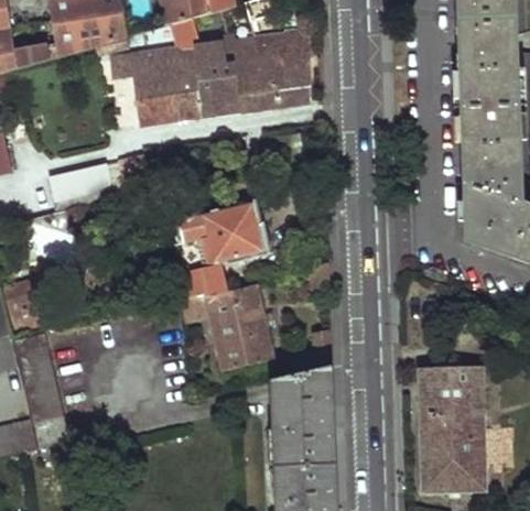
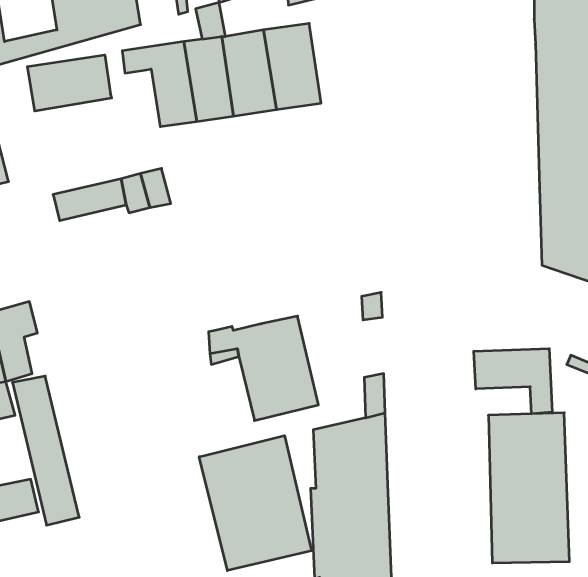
building: [268,31,314,104] -> none
building: none -> [27,55,112,111]
building: [172,197,273,295] -> none
building: none -> [474,349,552,414]
building: none -> [199,436,311,571]

